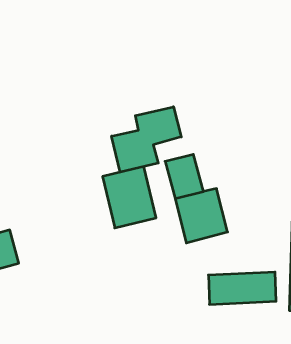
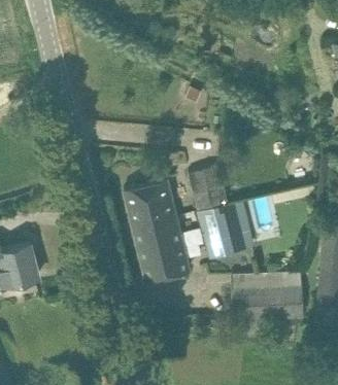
building: [112,107,181,172] -> none
building: none -> [136,230,189,280]

